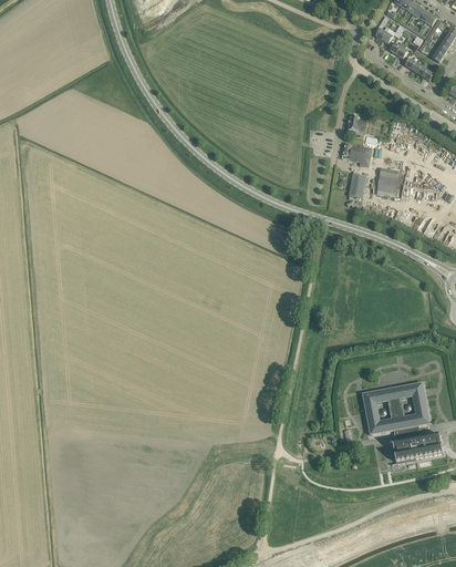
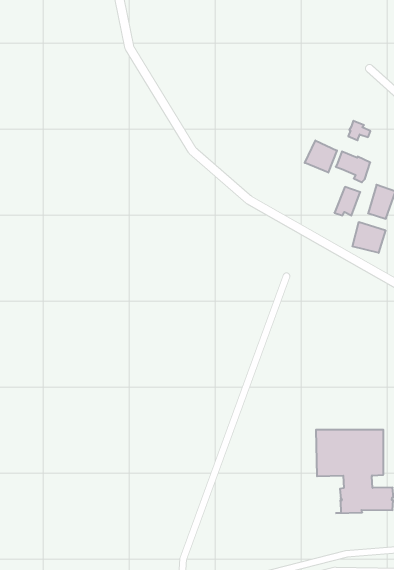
building: none -> [305,140,337,173]
building: none -> [352,222,385,253]

